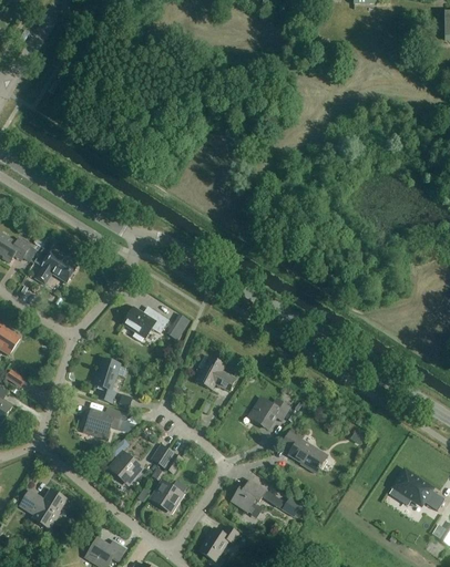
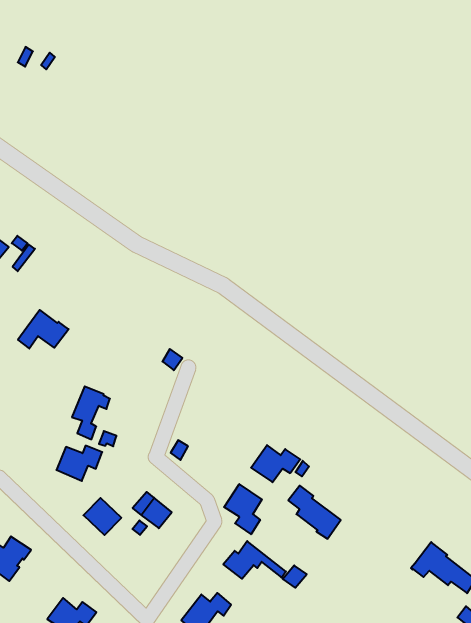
building: [35,251,78,285] -> [18,310,69,349]
building: [124,309,168,342] -> none
building: [195,355,236,392] -> none
building: none -> [224,484,262,534]
building: [151,482,182,512] -> none

